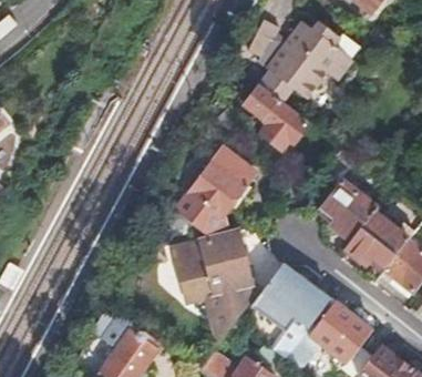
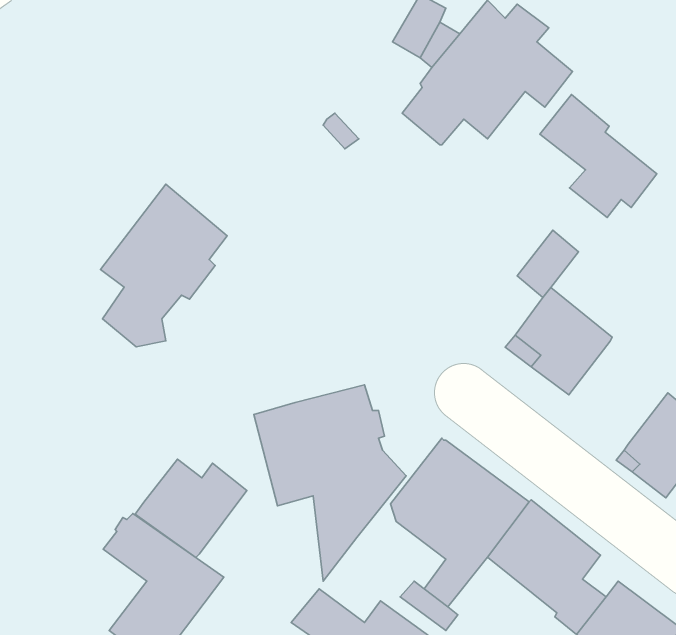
building: [243,82,308,151] -> [540,95,657,217]
building: [186,145,257,236] -> [100,184,227,347]
building: [346,210,409,267] -> none
building: none -> [135,459,247,557]

